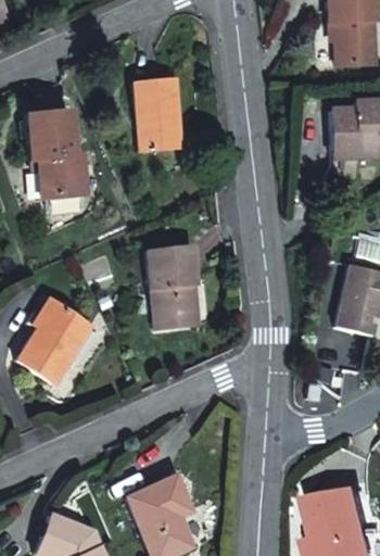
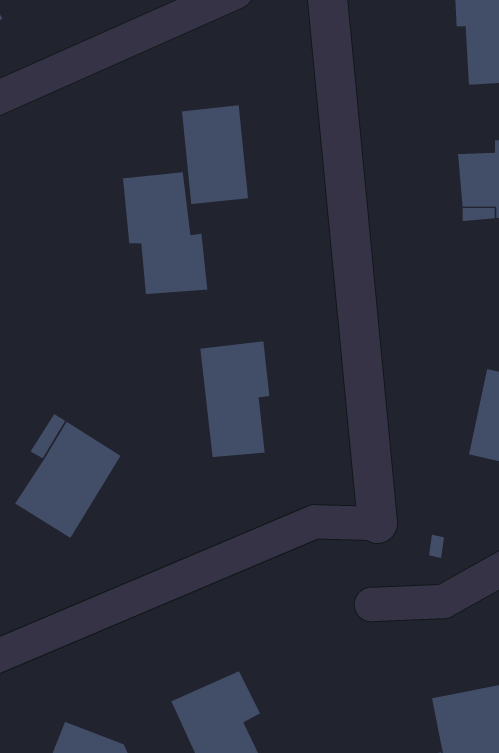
building: [25,112,86,199] -> [122,172,208,294]

